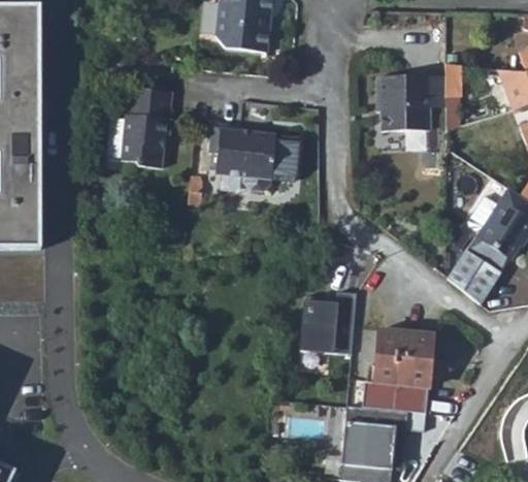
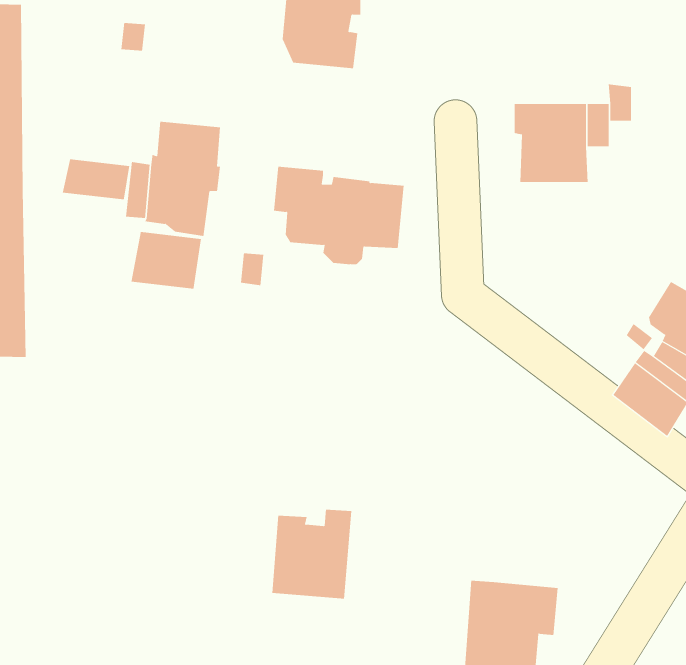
building: none -> [62,159,130,200]
building: none -> [131,231,202,289]
building: [300,292,356,354] -> [271,509,352,599]
building: [362,330,430,412] -> none

